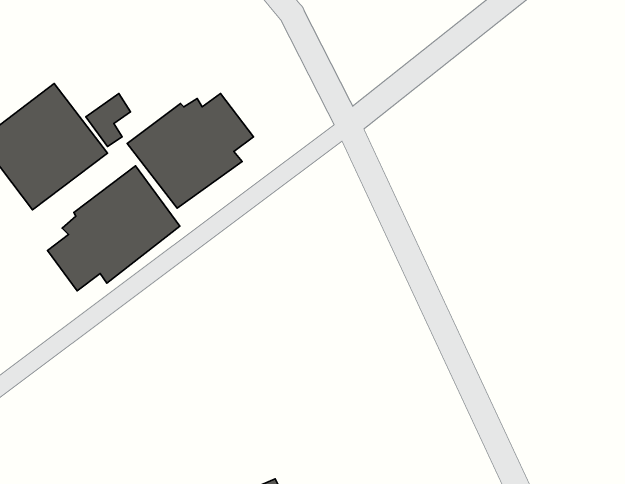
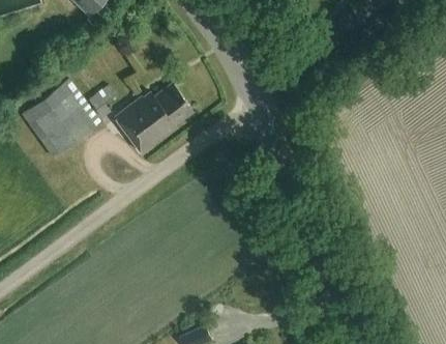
building: [48,166,180,291] -> none

